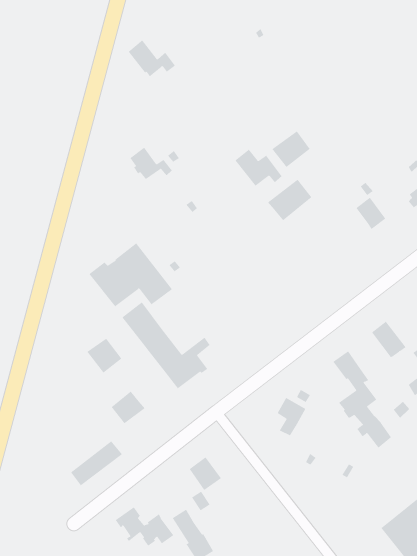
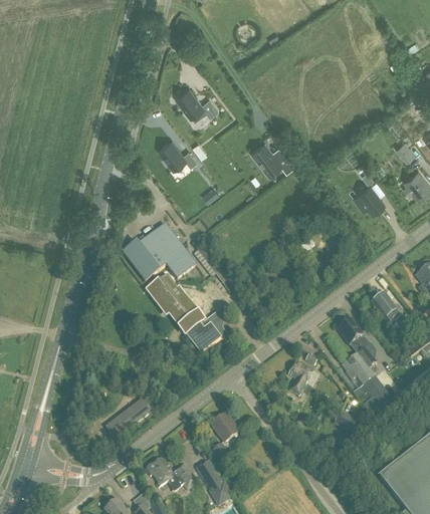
building: [128,39,176,77] -> [175,86,217,119]
building: [272,130,310,168] -> none
building: [267,179,312,221] -> none
building: [87,338,122,373] -> none
building: [111,391,145,424] -> none

